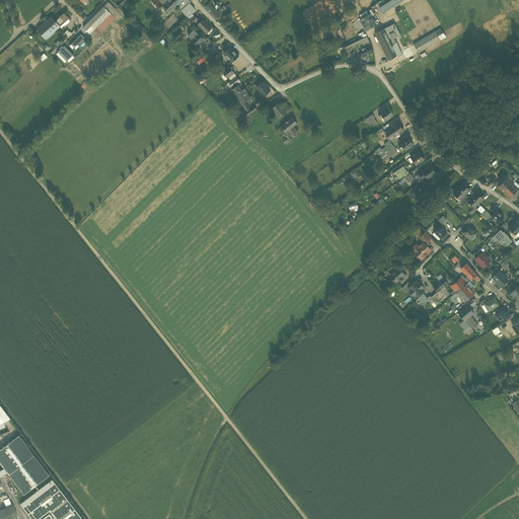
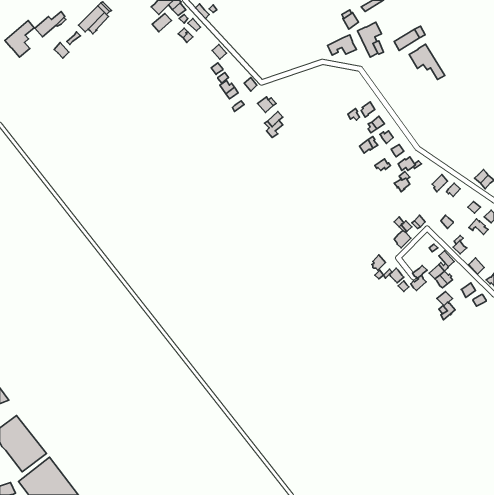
building: none -> [5,21,34,57]
building: none -> [409,44,445,80]

